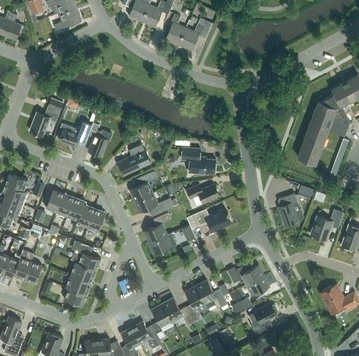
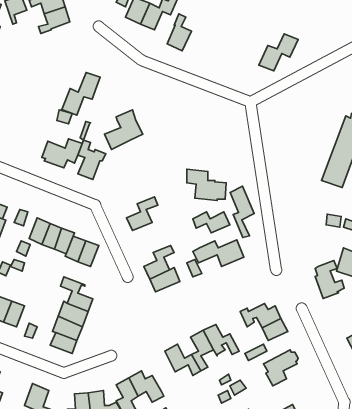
building: [178,18,212,50] -> [259,34,298,71]
building: [30,98,63,135] -> [62,72,100,115]
building: [118,141,151,175] -> [105,110,143,149]
building: none -> [230,186,254,238]
building: [135,193,174,215] -> none
building: [278,193,303,226] -> [315,260,344,299]
building: [152,304,174,339] -> none

